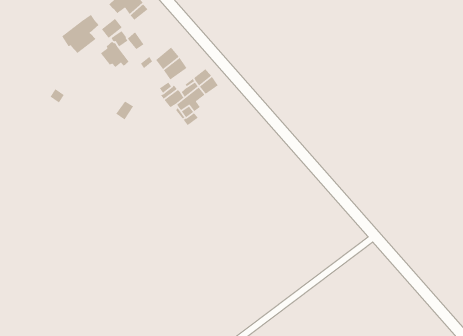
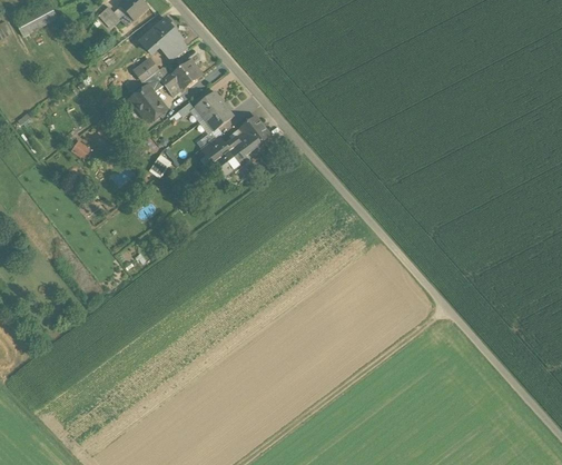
building: [61,14,99,54] -> none
building: none -> [171,58,203,88]

